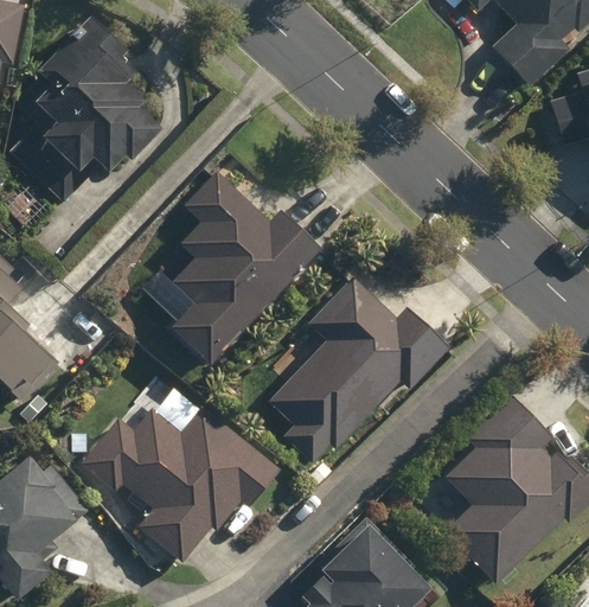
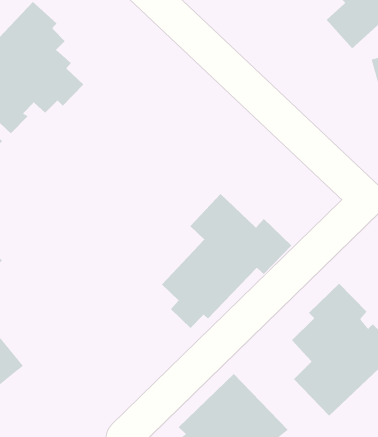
building: [173,174,320,363] -> none
building: [81,405,280,561] -> none

